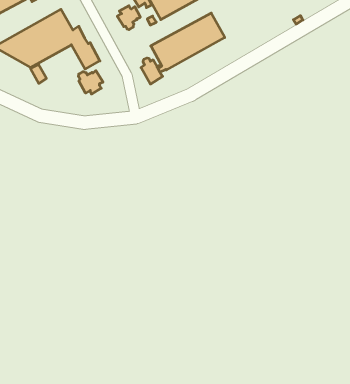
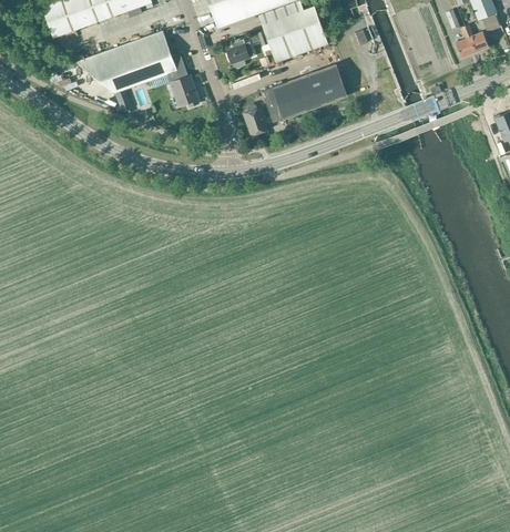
building: [78,71,103,94] -> none

